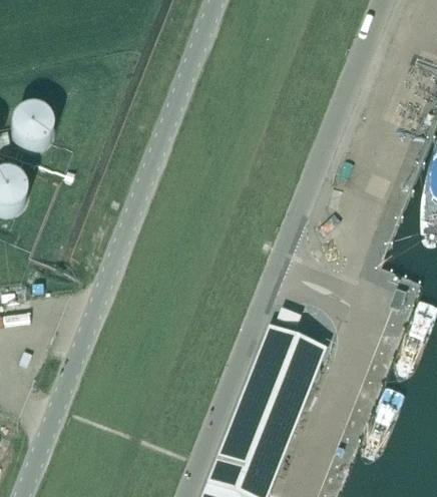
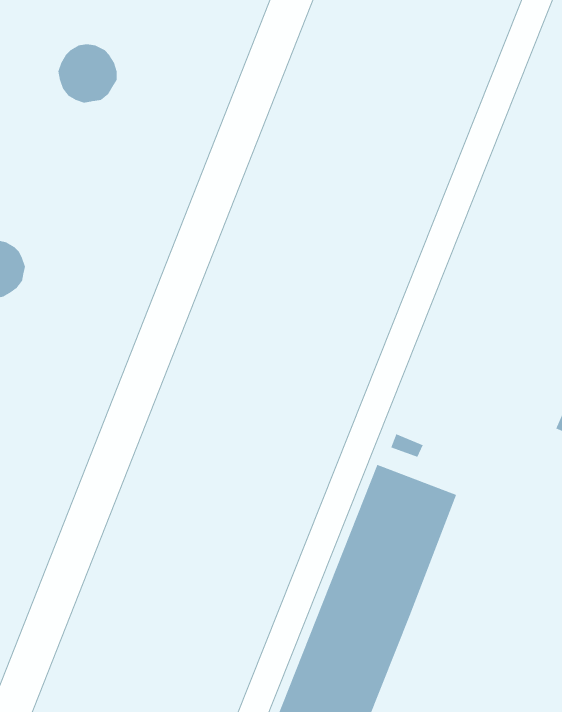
building: [19,106,60,147] -> [58,43,118,103]

